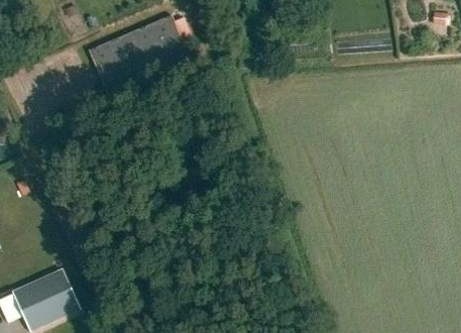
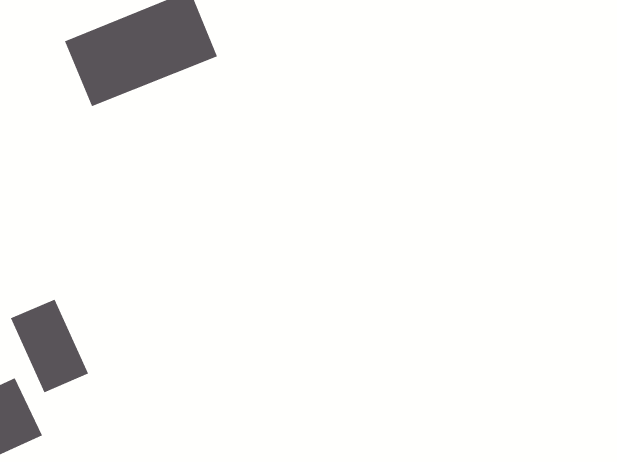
building: none -> [10,299,89,393]

